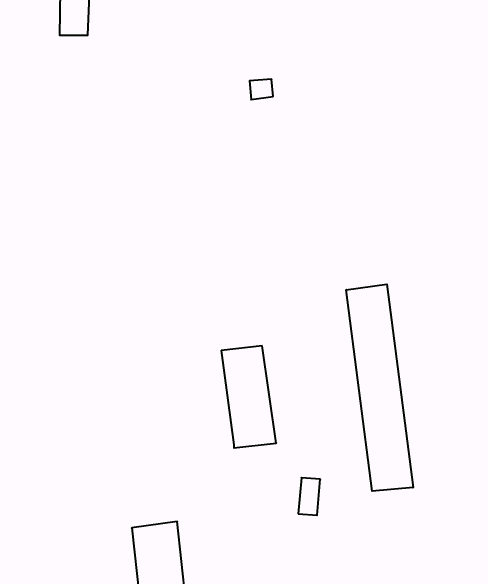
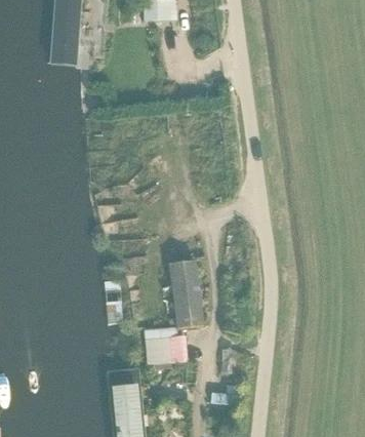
building: [346,284,413,491] -> none
building: none -> [144,326,187,364]

